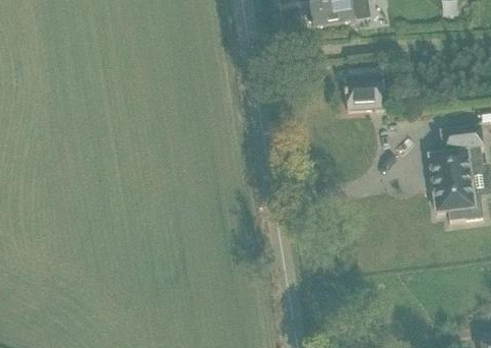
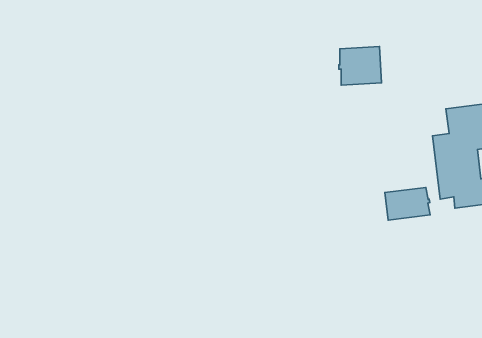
building: none -> [385,187,430,220]

